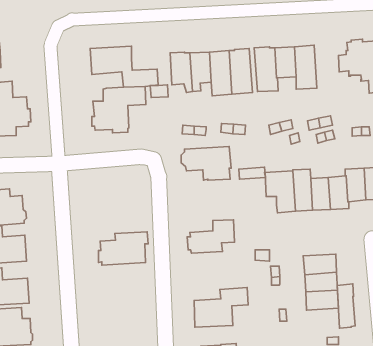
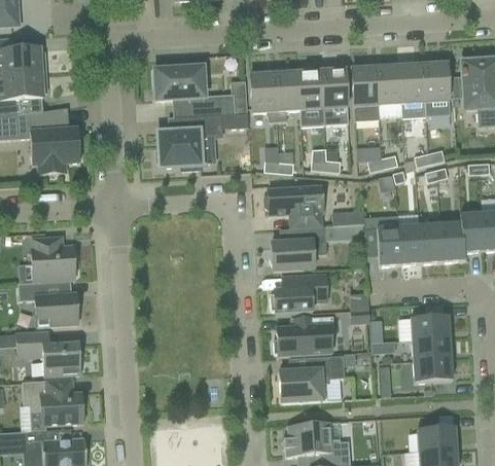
building: none -> [423,63,450,116]
building: none -> [269,226,325,271]
building: [98,232,148,265] -> [274,316,333,356]
building: [337,284,355,328] -> none

